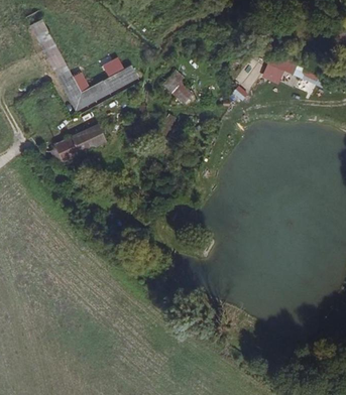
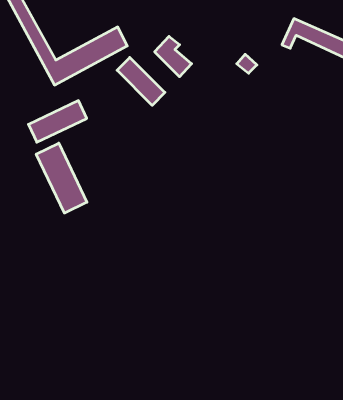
building: none -> [117,57,165,105]
building: none -> [36,143,87,213]

